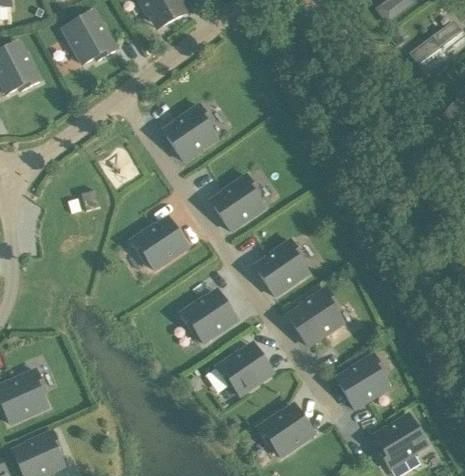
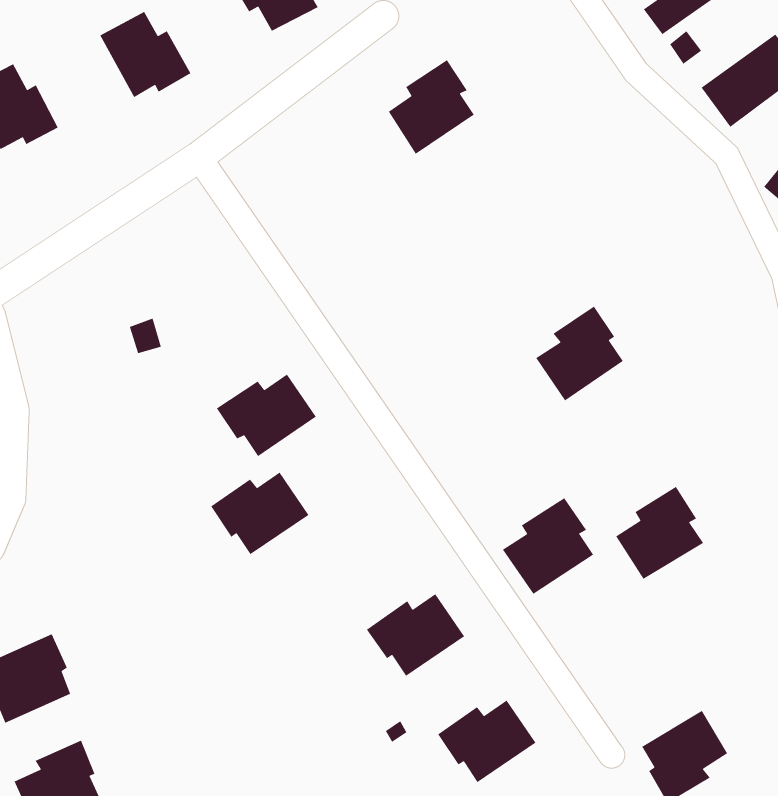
building: [166,104,216,159] -> [388,59,475,155]
building: [213,174,264,229] -> none
building: [257,239,308,294] -> [535,305,624,401]
building: [180,293,237,341] -> [210,471,309,555]
building: [338,353,389,407] -> [615,486,704,580]

